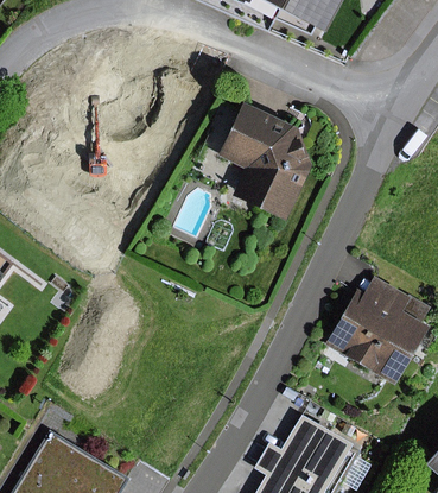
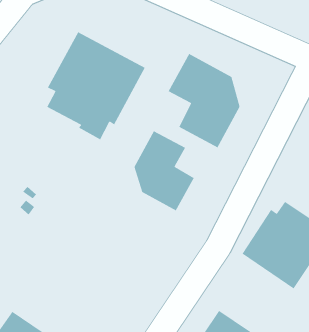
building: none -> [46,31,146,140]
building: none -> [133,130,195,211]

